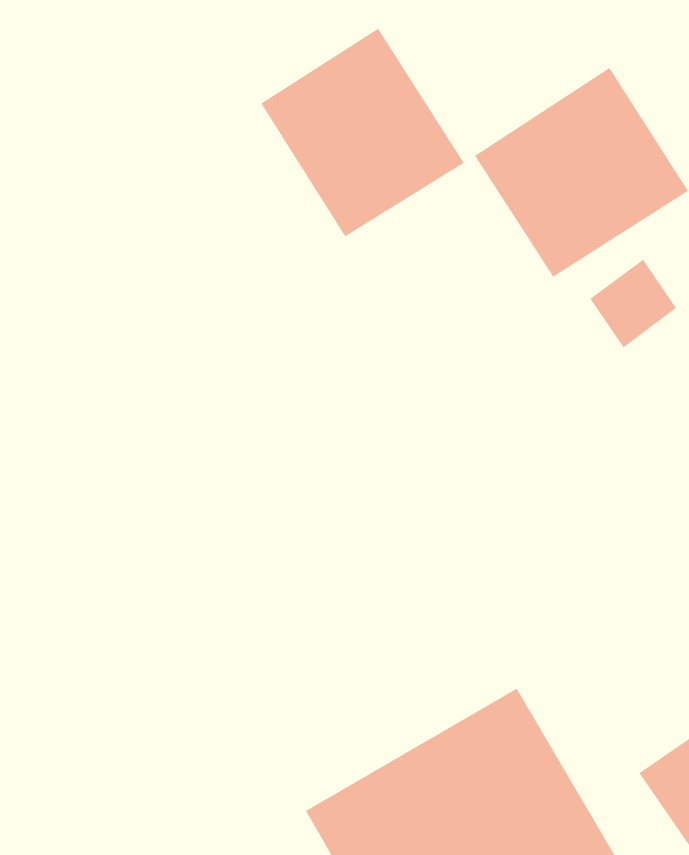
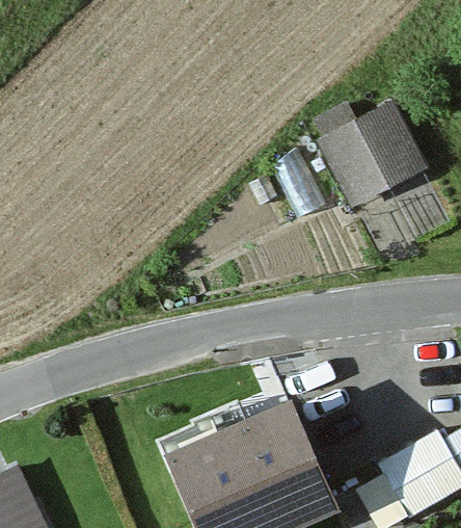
building: [260,28,465,237] -> none

